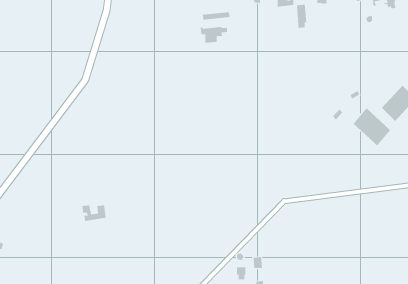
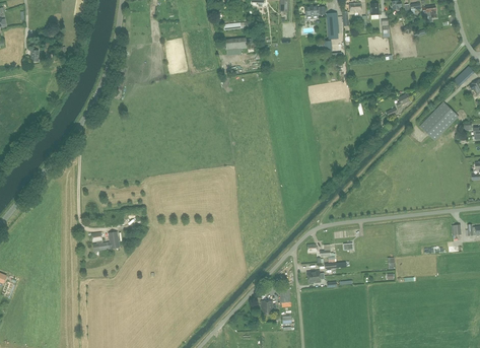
building: [353,108,391,146] -> none

